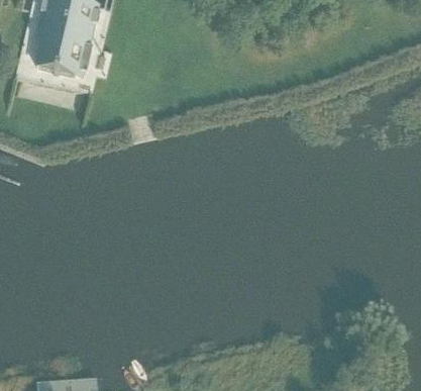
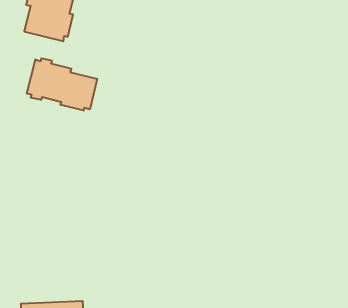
building: none -> [27,58,97,111]

